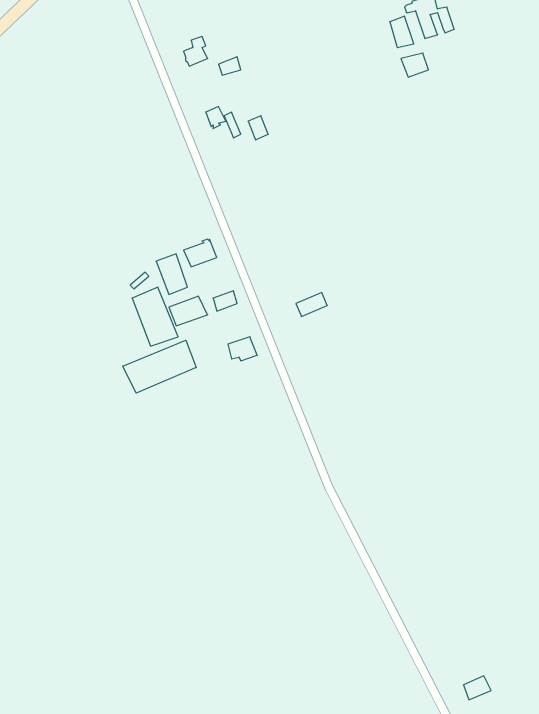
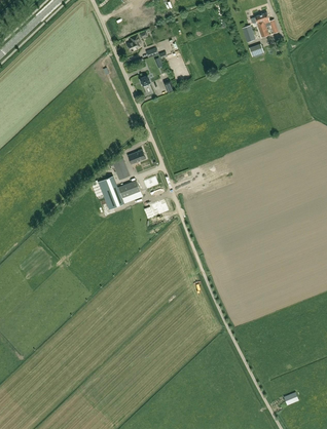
building: [123,340,196,393] -> none

